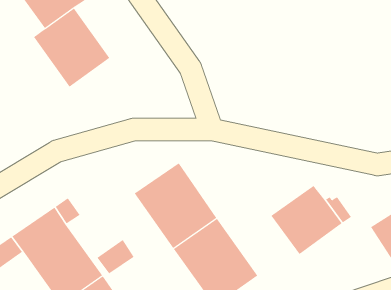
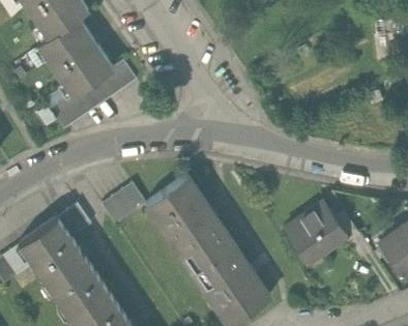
building: none -> [53,66,135,132]
building: [96,239,134,274] -> [101,189,140,225]

